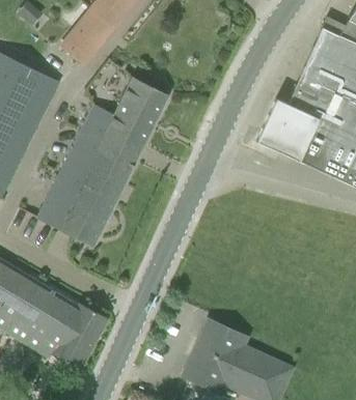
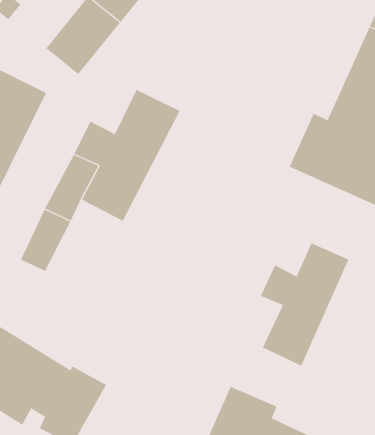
building: [58,168,121,245] -> none
building: none -> [260,242,349,367]

